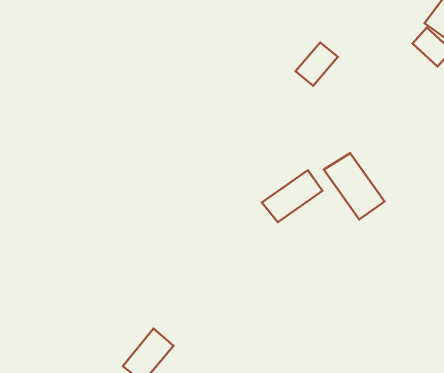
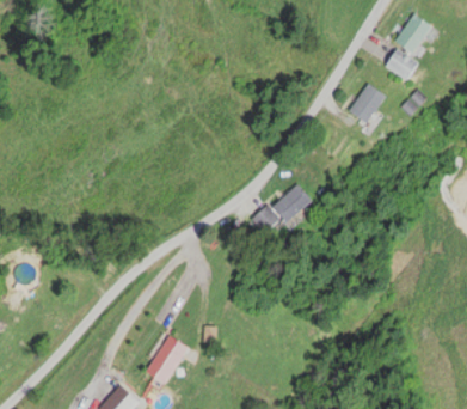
building: [296,42,338,86] -> [348,85,385,124]
building: [324,153,384,220] -> none

